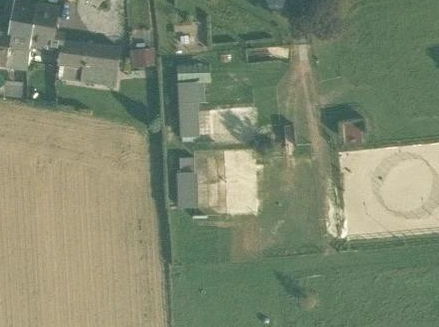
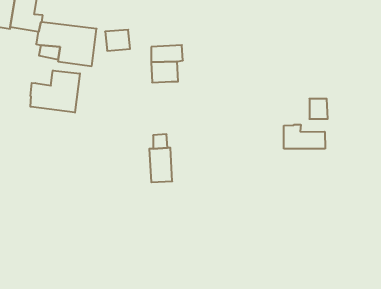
building: none -> [30,70,80,113]
building: [178,103,200,137] -> none
building: none -> [284,125,325,149]

